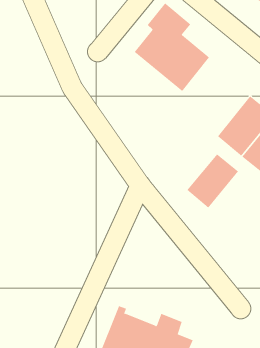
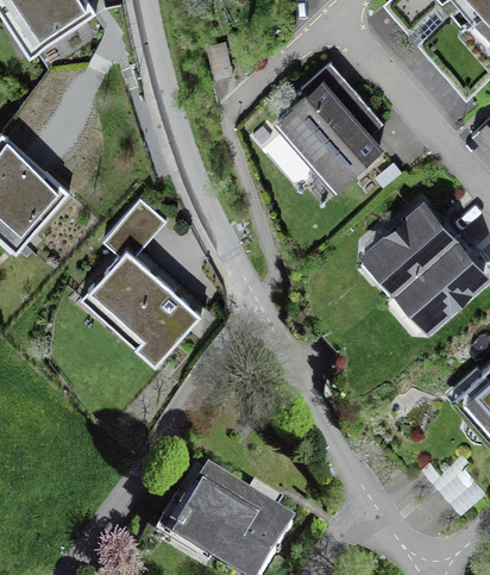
building: none -> [87,199,200,365]
building: [186,154,239,208] -> none

